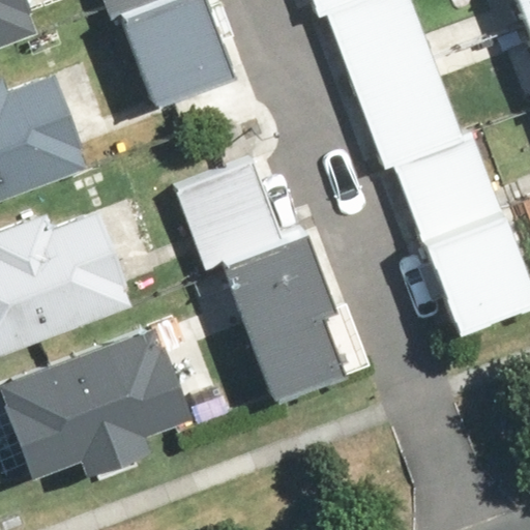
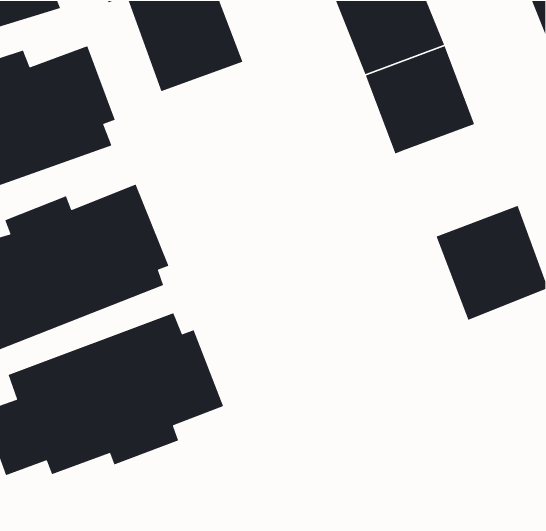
building: [389,132,500,244] -> none
building: [176,160,348,399] -> none

